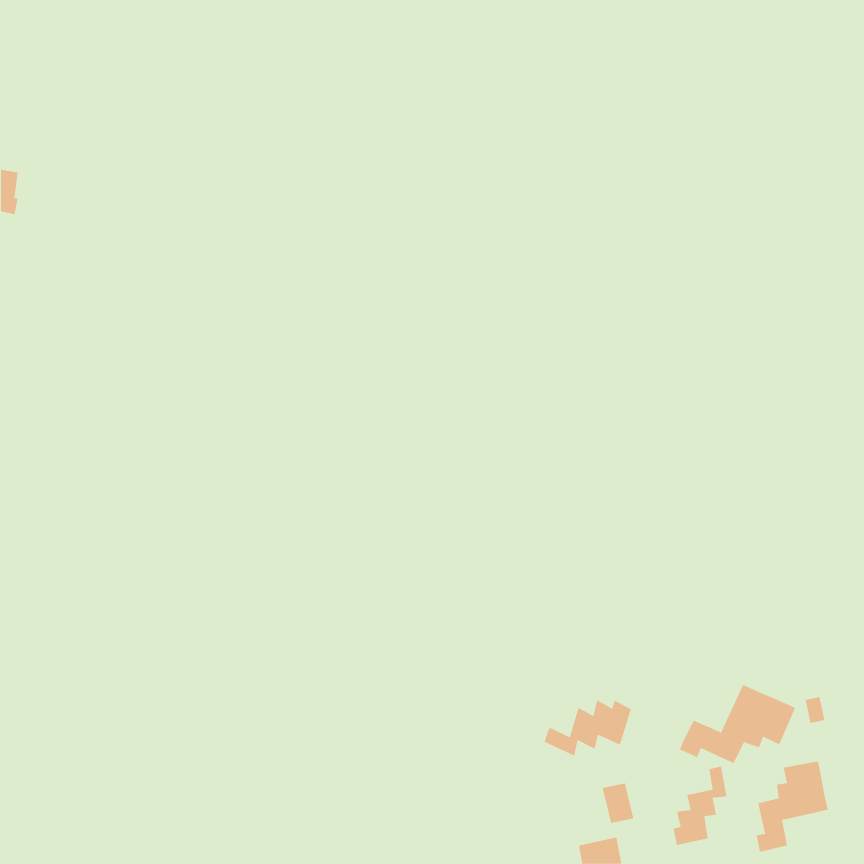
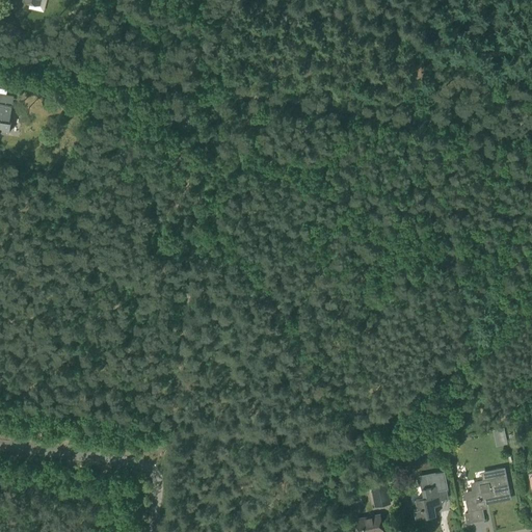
building: [679,684,796,764] -> none
building: [544,699,632,757] -> none

